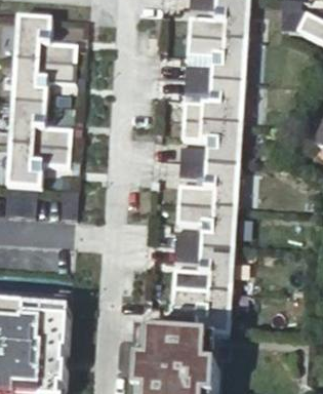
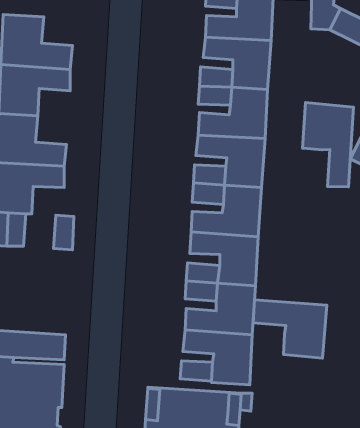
building: none -> [302,103,354,187]
building: none -> [253,300,327,358]

